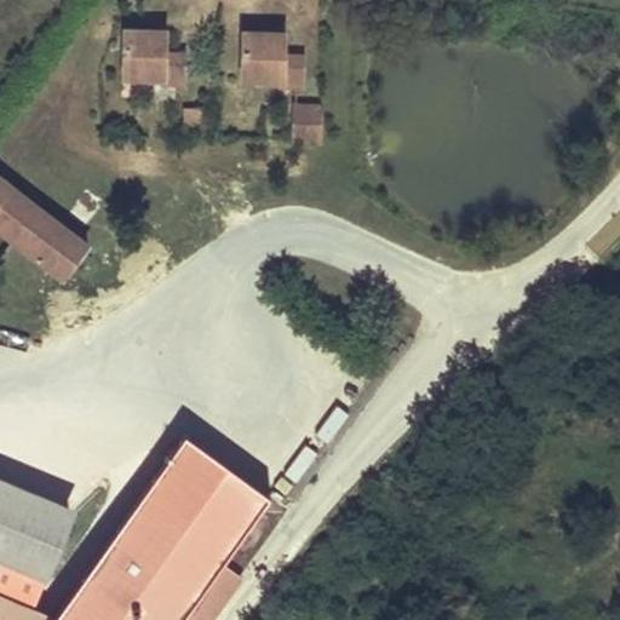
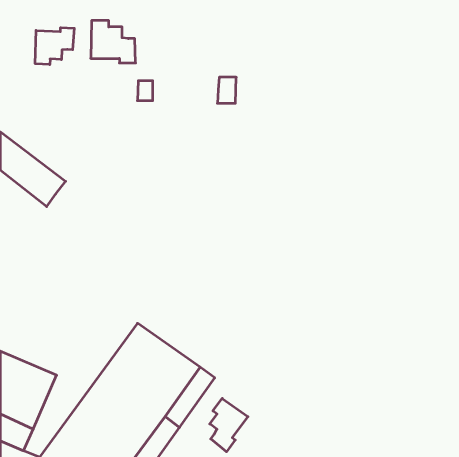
building: [241,34,303,90] -> none
building: none -> [35,28,74,65]
building: none -> [210,398,248,452]

